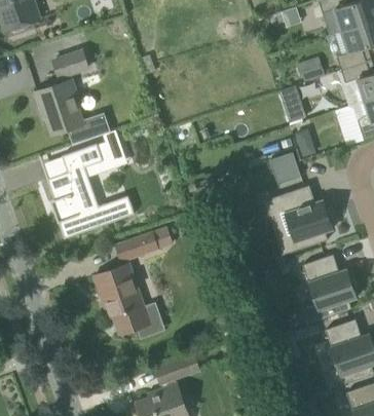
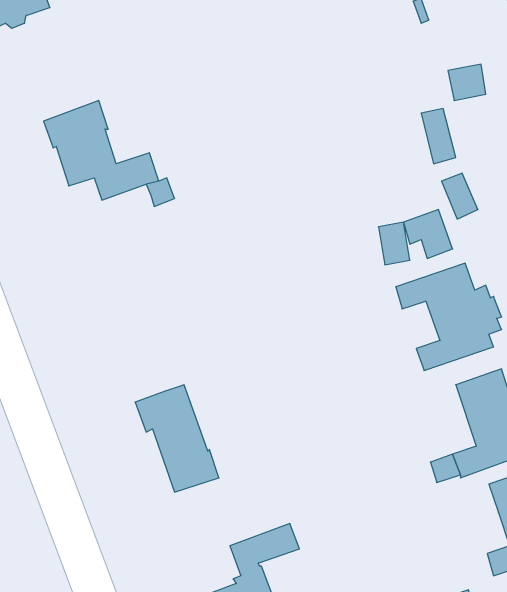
building: [53,50,88,77] -> none
building: [47,144,135,238] -> none
building: [115,227,174,262] -> none

